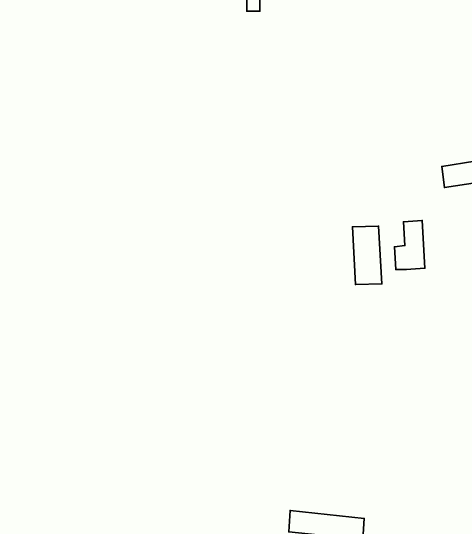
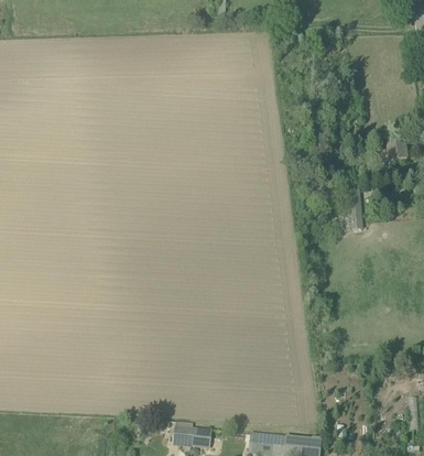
building: [352,226,382,285] -> none
building: none -> [174,425,211,446]

